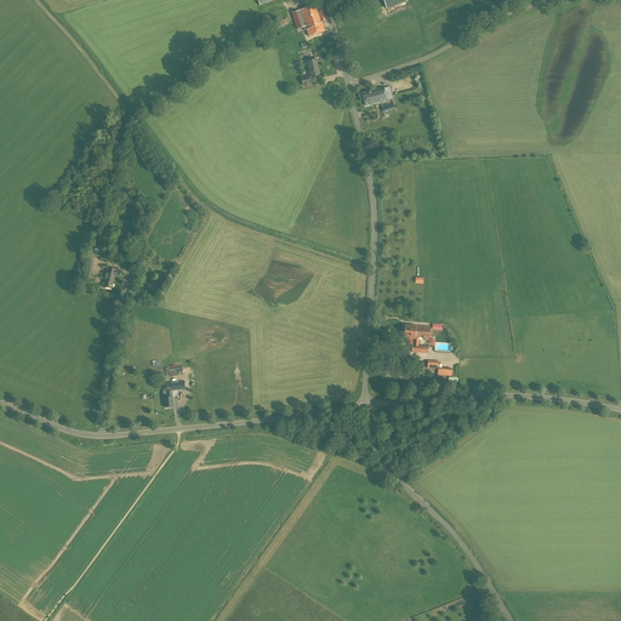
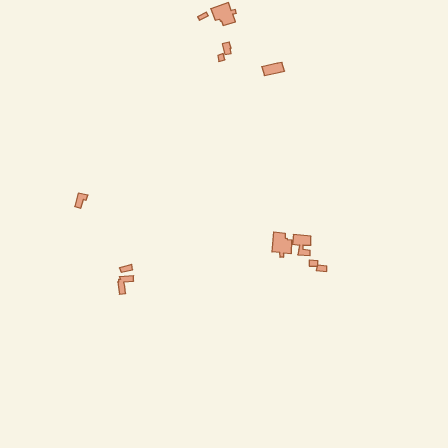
building: none -> [272,232,292,257]

